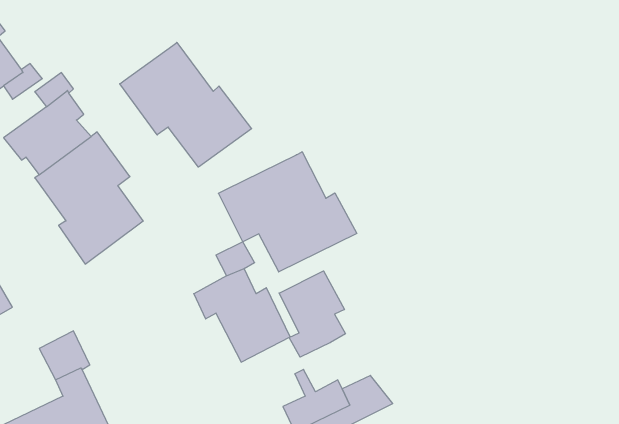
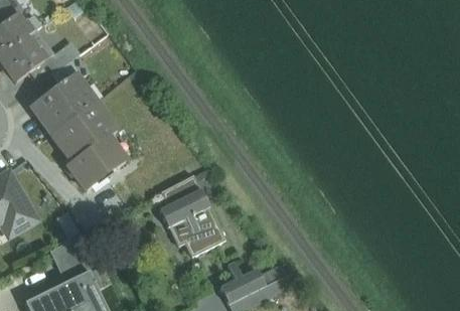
building: [120,42,252,167] -> none
building: [218,152,357,272] -> none
building: [279,271,345,357] -> none

